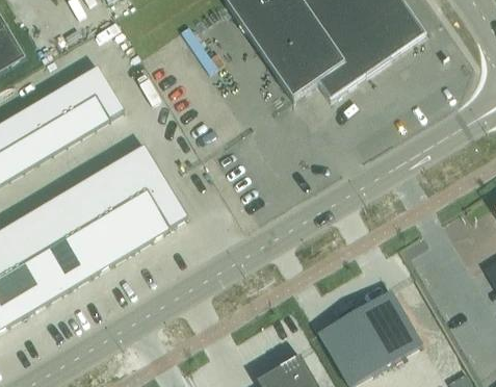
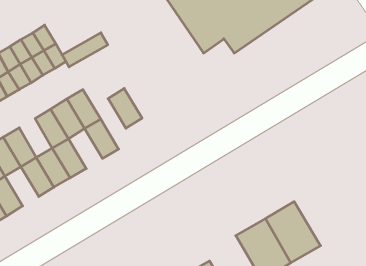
building: none -> [62,33,108,67]
building: [64,180,105,228] -> none
building: [125,192,166,241] -> [108,88,142,128]
building: [47,239,88,287] -> none

